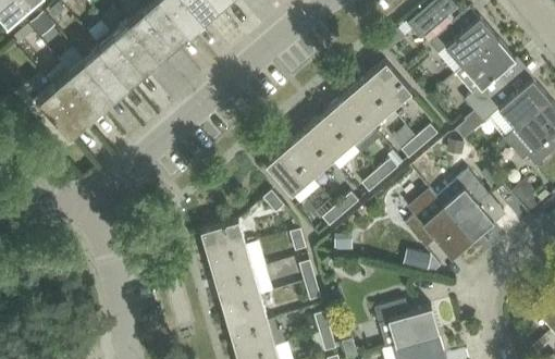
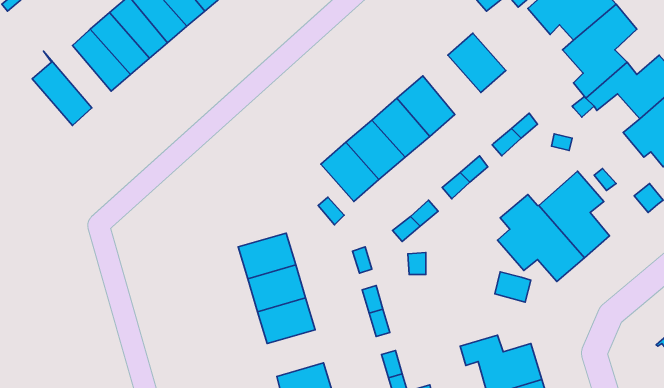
building: [47,65,100,122] -> none
building: [346,81,392,127] -> none
building: [223,297,268,334] -> none

